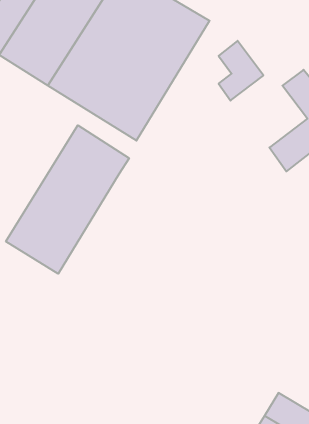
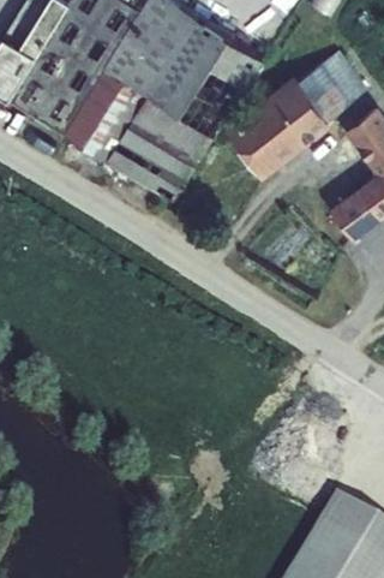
building: none -> [294,53,362,121]
building: none -> [229,97,287,172]
building: [6,125,129,274] -> none

